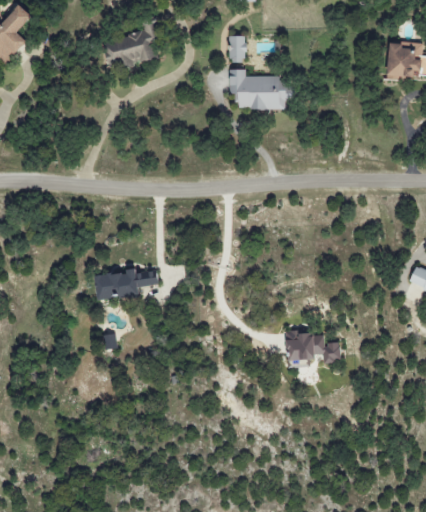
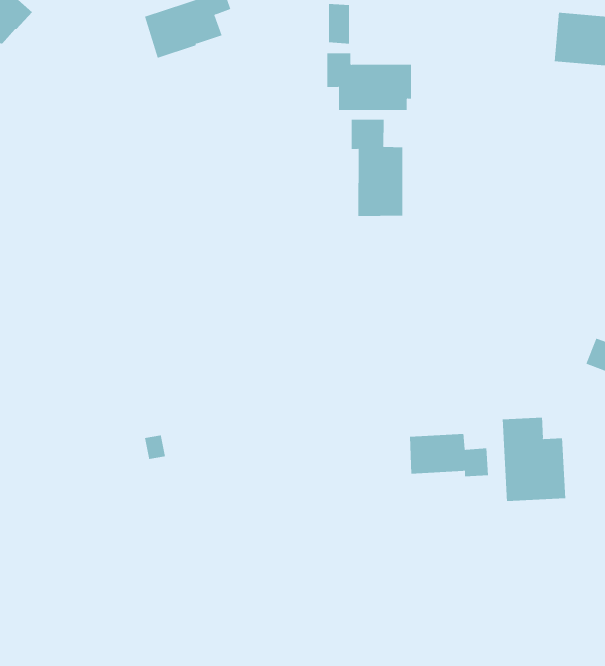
building: none -> [351,119,403,217]
building: [94,269,158,299] -> none
building: none -> [502,417,566,502]

